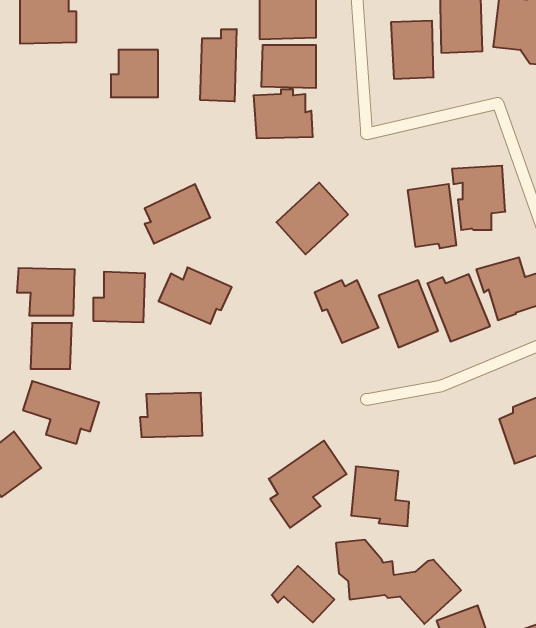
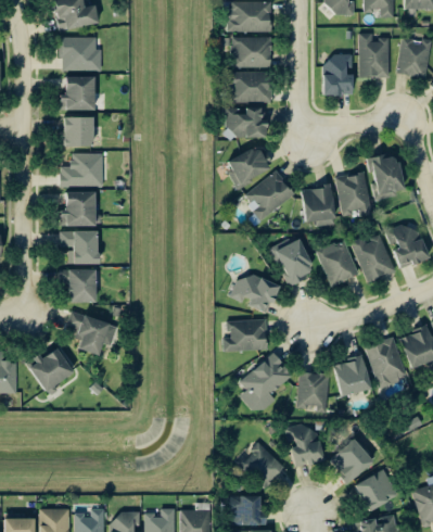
building: [200,29,237,102] -> none
building: [111,50,158,97] -> [61,76,94,110]
building: none -> [64,116,93,147]
building: none -> [59,152,101,186]
building: [145,184,210,244] -> [228,143,275,186]
building: none -> [301,185,341,226]
building: [158,267,232,324] -> [229,273,281,313]
building: [93,272,145,322] -> [59,191,95,227]
building: [140,393,203,437] -> [221,319,266,351]
building: none -> [334,337,405,396]

